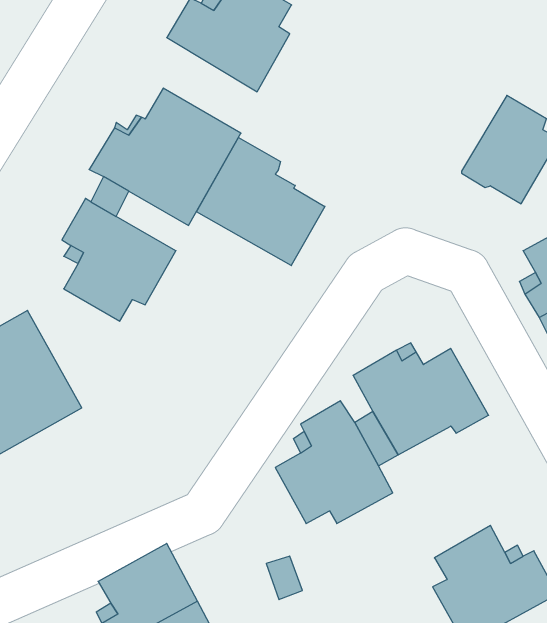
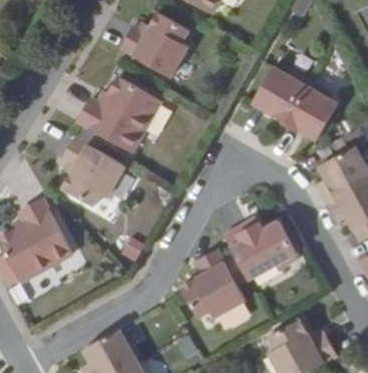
building: none -> [253,66,309,121]
building: [197,138,325,266] -> none

